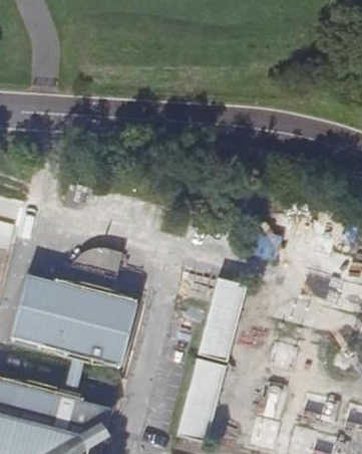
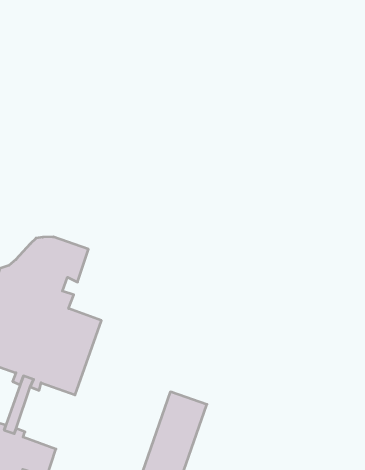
building: [197,278,246,361] -> none

